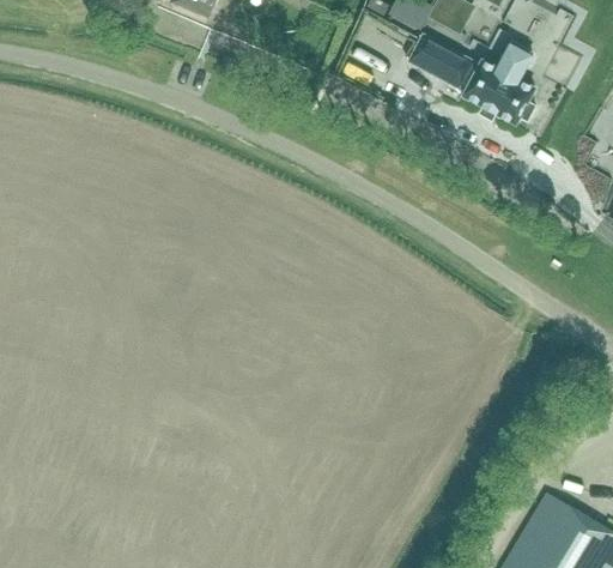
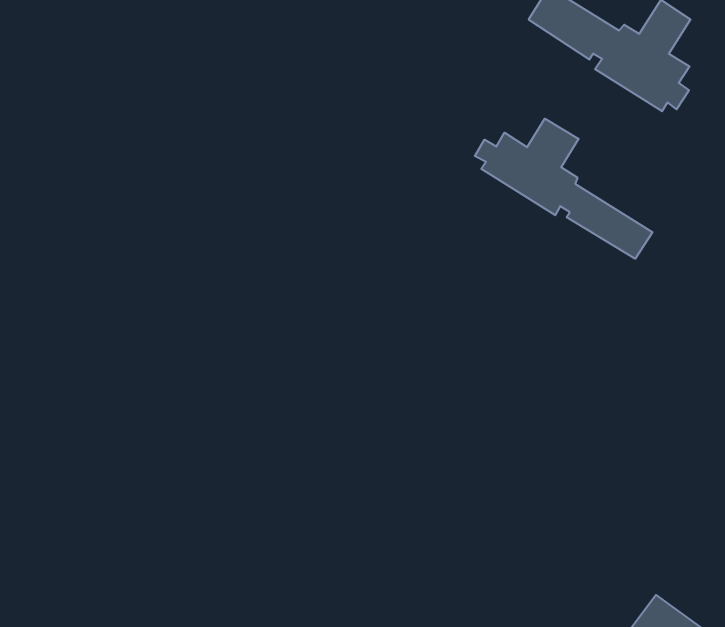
building: none -> [475,119,652,259]

